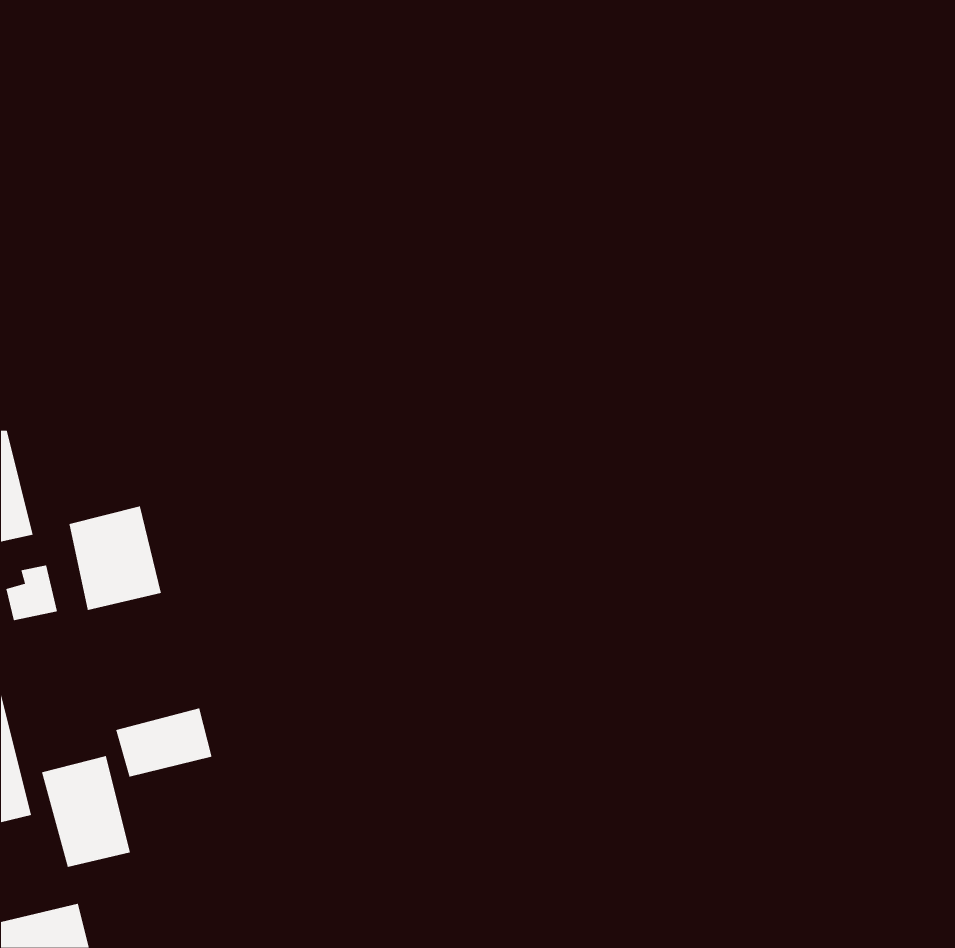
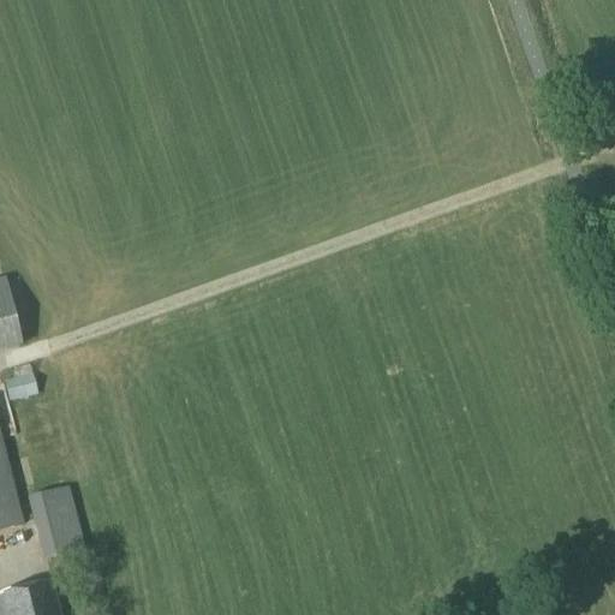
building: [69,505,161,611] -> none
building: [116,708,212,777] -> none

